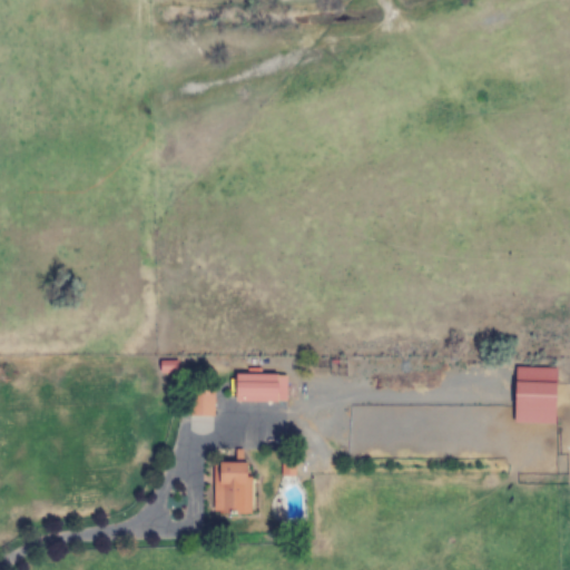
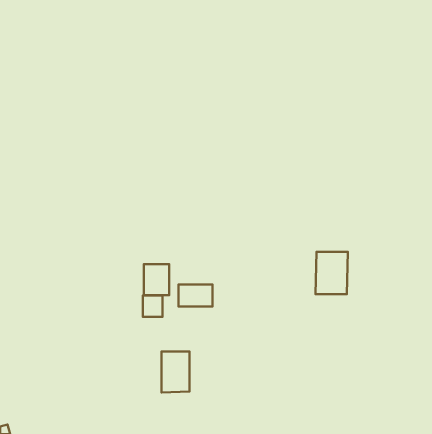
building: none -> [144,264,169,295]
building: [517,366,559,422] -> [316,252,348,294]

